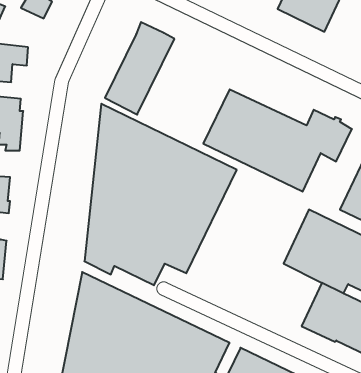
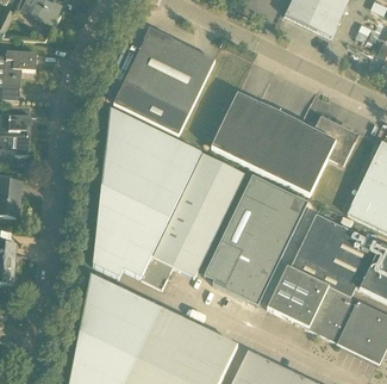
building: none -> [145,44,214,135]
building: none -> [204,175,307,305]
building: none -> [267,266,329,329]

